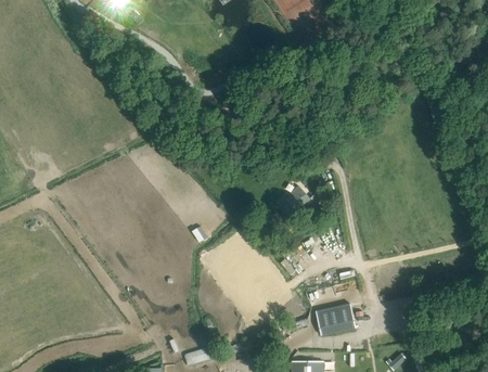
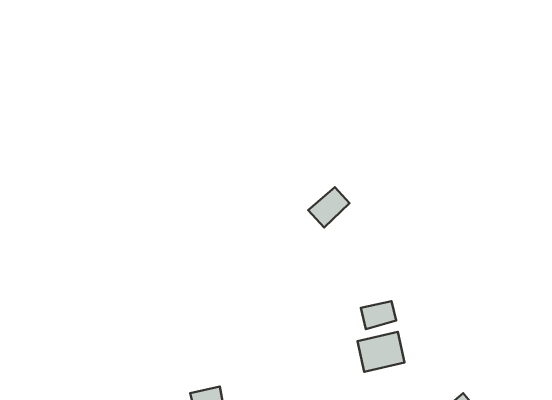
building: none -> [361,301,396,329]

